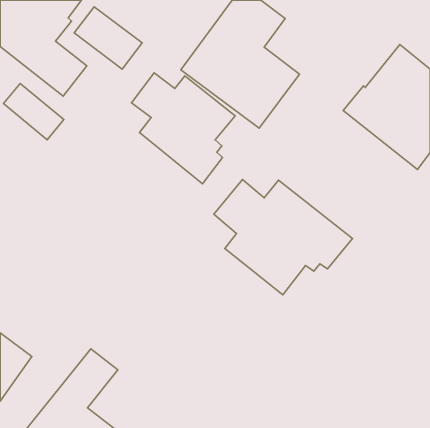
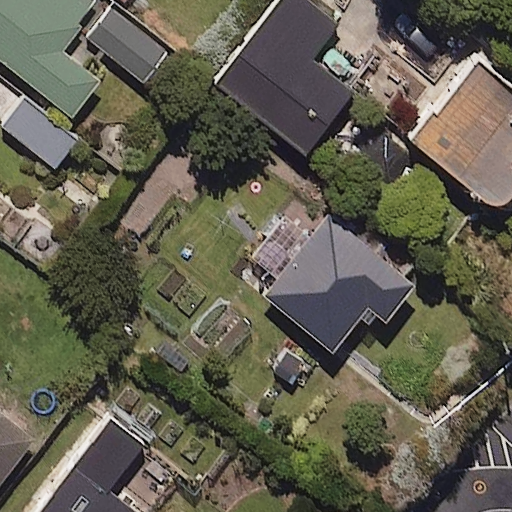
building: [131,73,235,184] -> none

